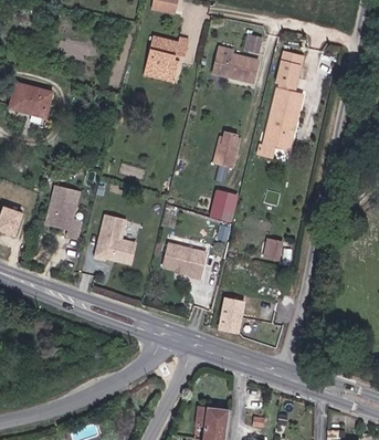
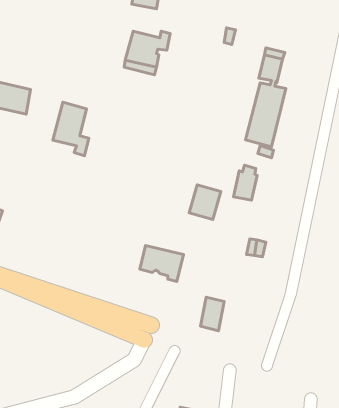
building: [211,42,255,77] -> none
building: [215,128,239,163] -> [233,165,257,200]
building: [45,184,81,237] -> [53,102,89,156]
building: [93,218,133,266] -> none

